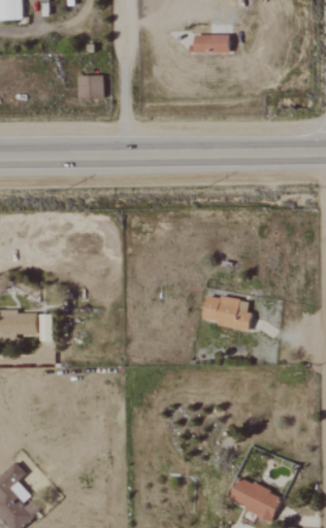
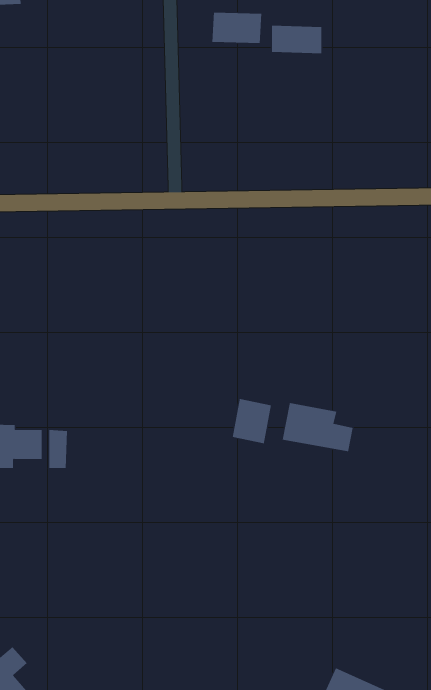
building: none -> [212,12,262,44]
building: [78,75,104,98] -> none
building: none -> [232,398,272,444]

